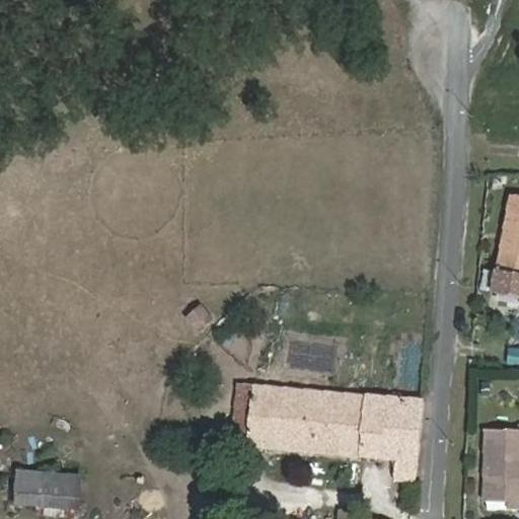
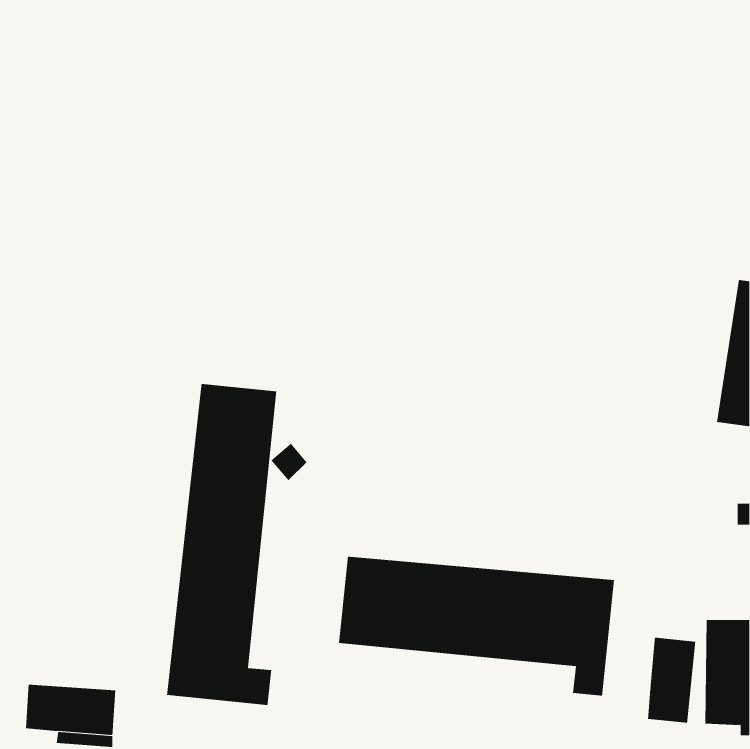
building: none -> [167,383,277,706]
building: none -> [648,637,696,723]

